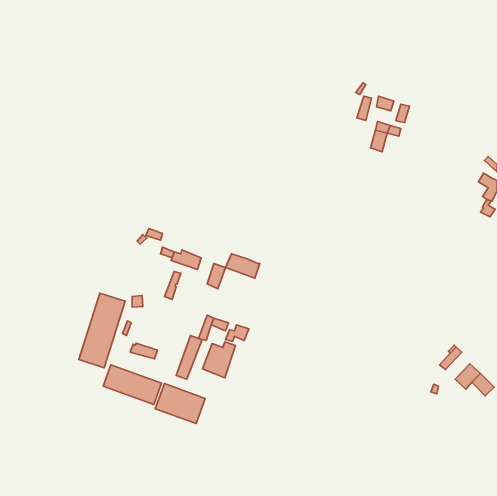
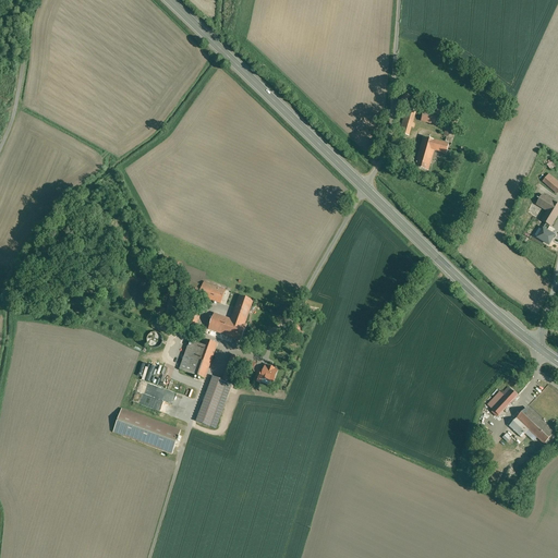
building: [226,254,260,278] -> [208,313,246,340]
building: [79,293,125,368] -> none
building: [202,342,235,378] -> [180,338,217,378]
building: [155,383,205,424] -> none

